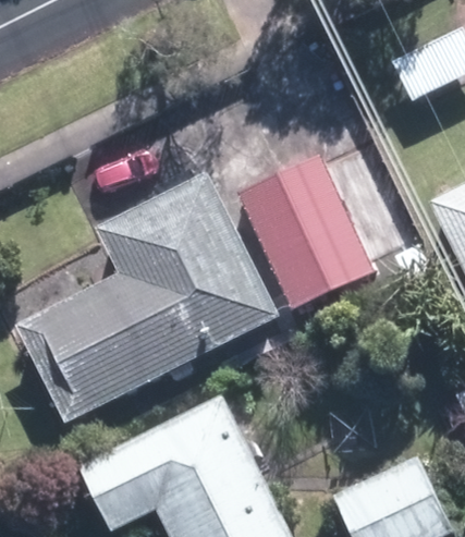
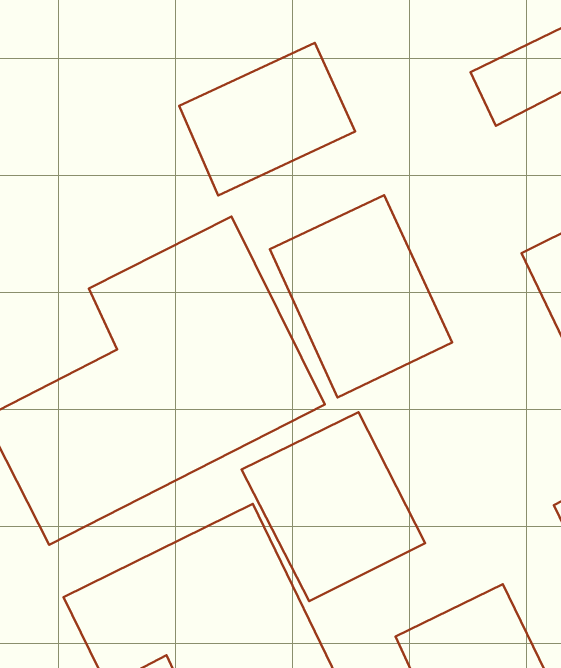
building: none -> [179,43,355,195]
building: none -> [242,412,425,601]

